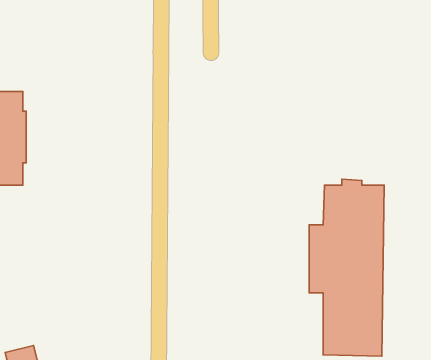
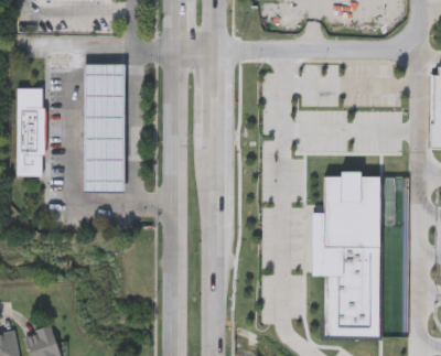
building: none -> [83,64,125,193]

